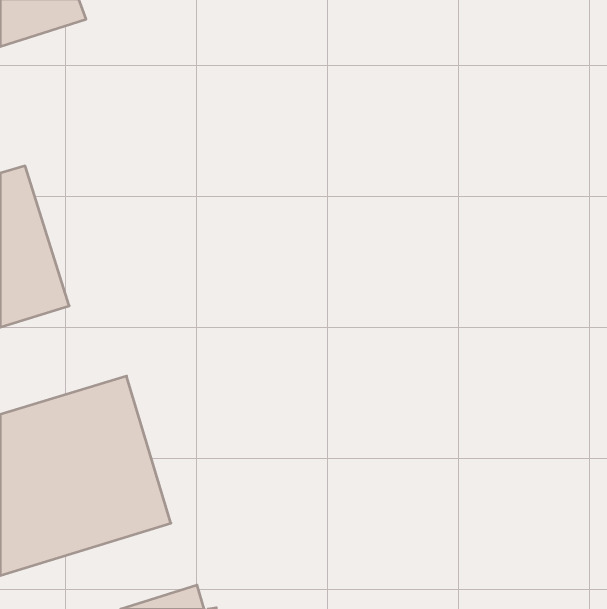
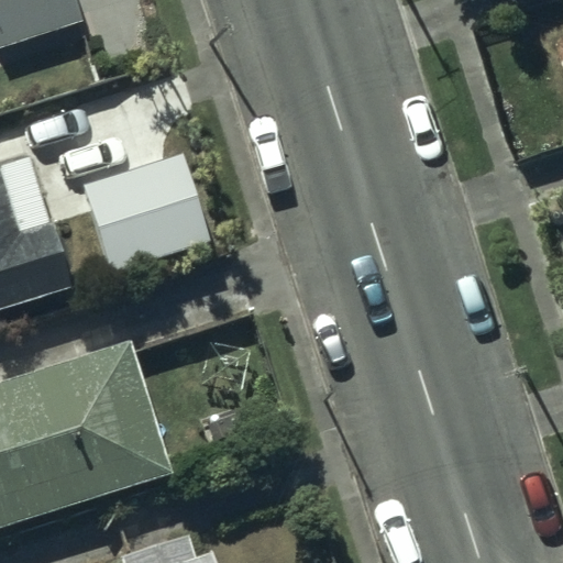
building: none -> [80,150,209,268]

